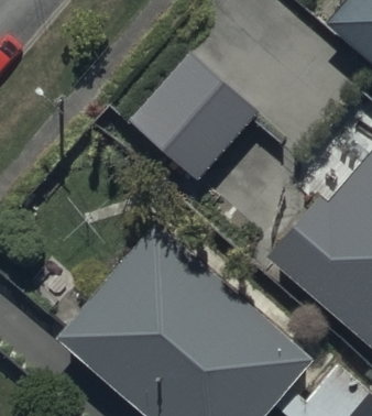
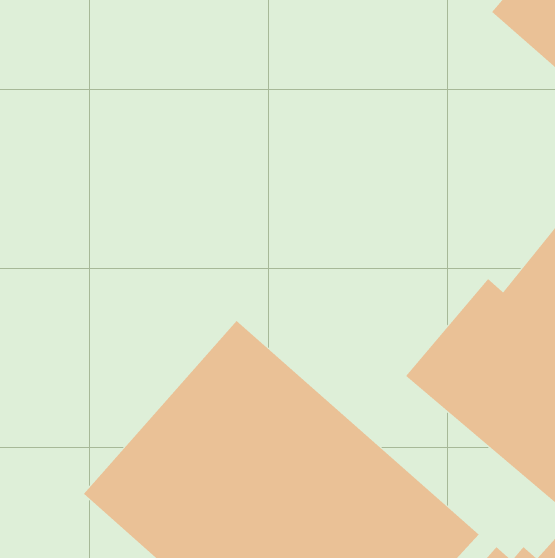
building: [129,52,259,182] -> none

